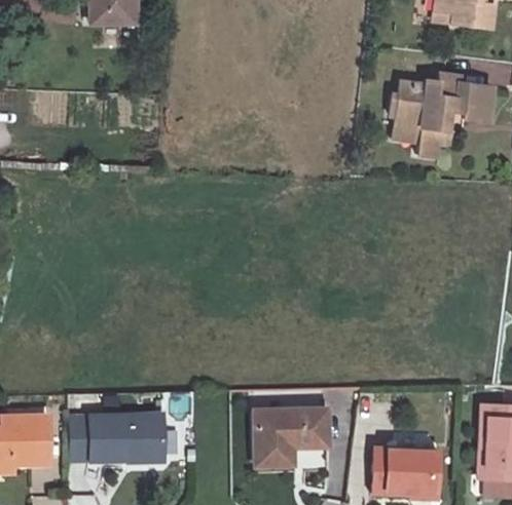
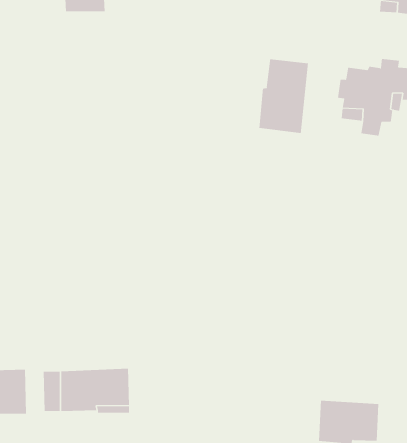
building: none -> [259,59,308,134]
building: [256,409,328,464] -> none

